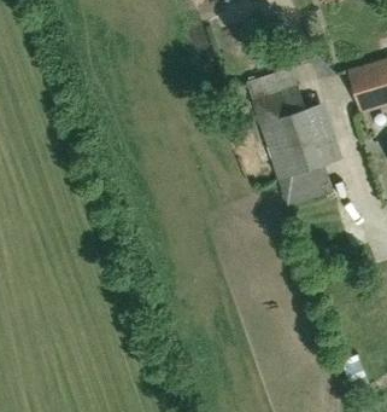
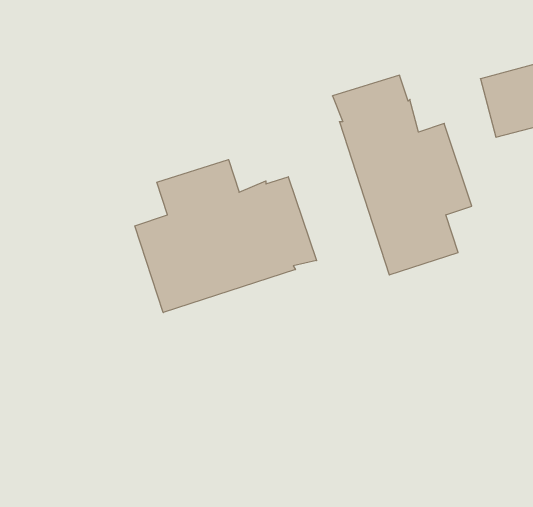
building: none -> [135,160,317,313]

